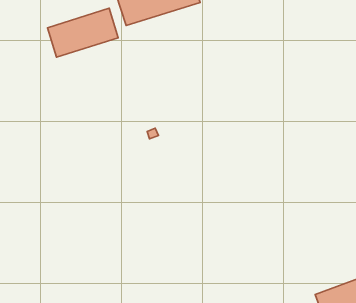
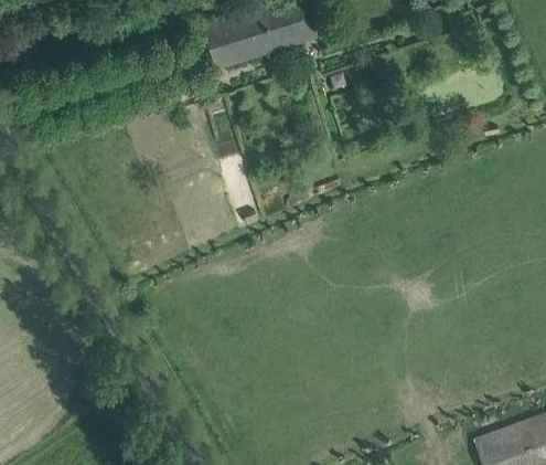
building: [47,8,118,57] -> none

